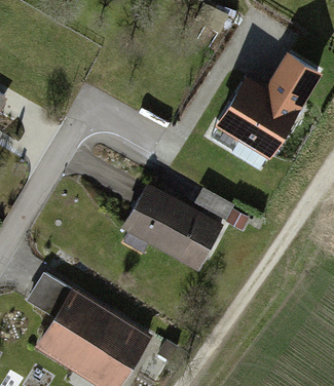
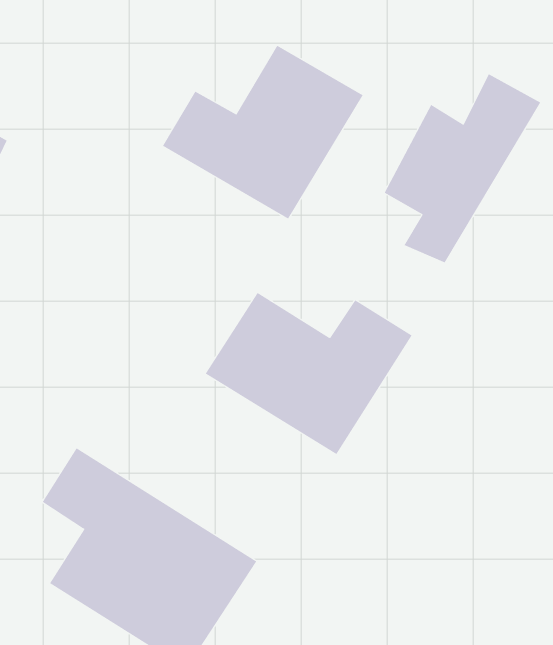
building: none -> [162,45,364,220]

